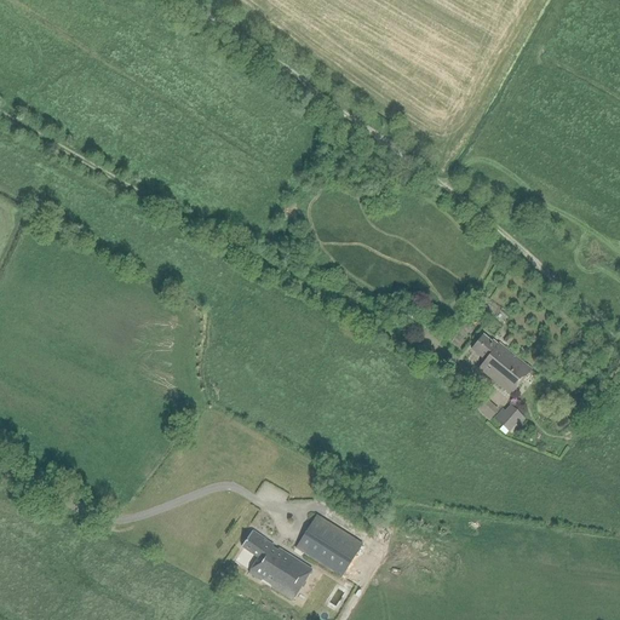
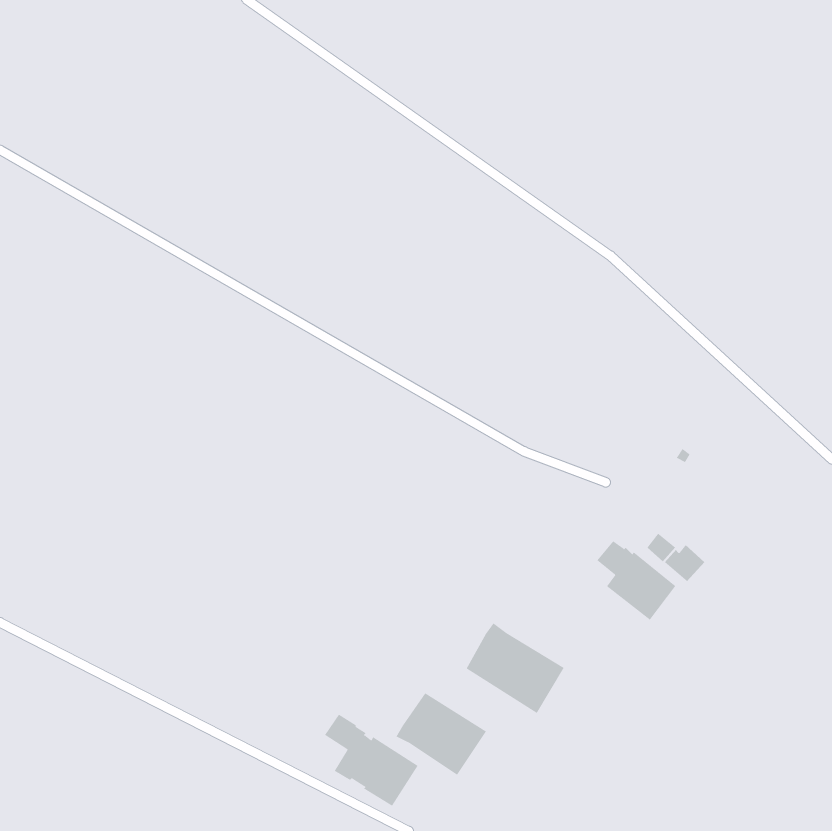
building: [471,334,530,394] -> [596,541,676,620]
building: none -> [466,622,564,714]

